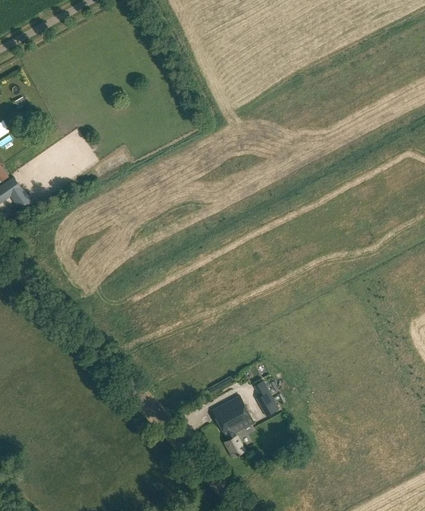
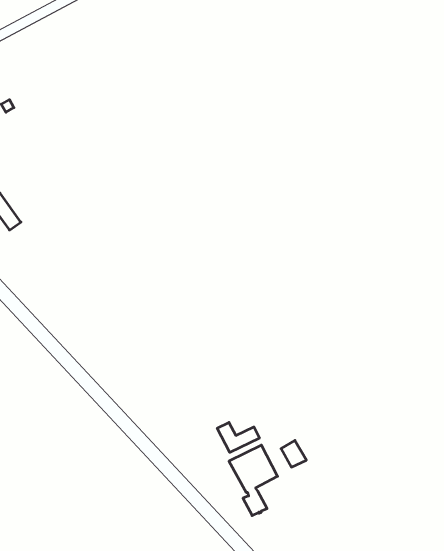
building: none -> [217,422,259,452]

